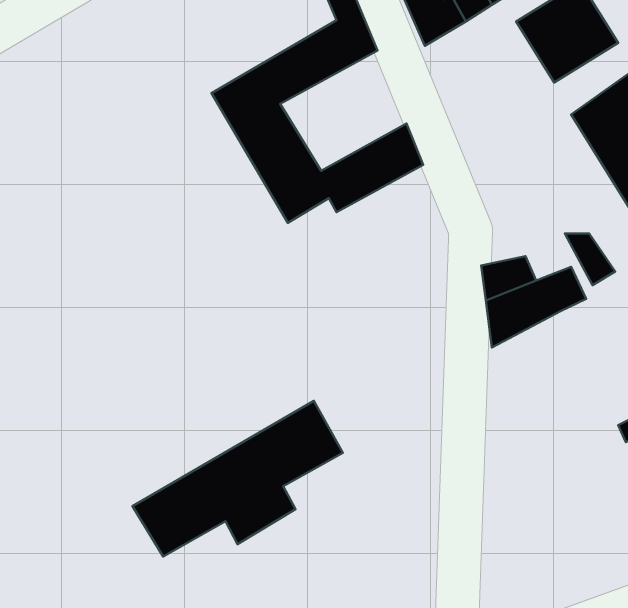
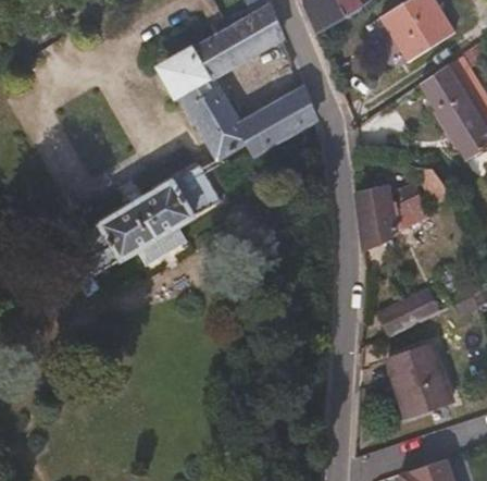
building: [133,401,343,556] -> [71,163,221,274]
building: none -> [379,291,438,333]
building: none -> [387,344,452,415]

